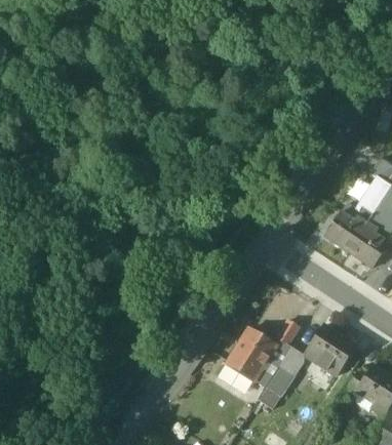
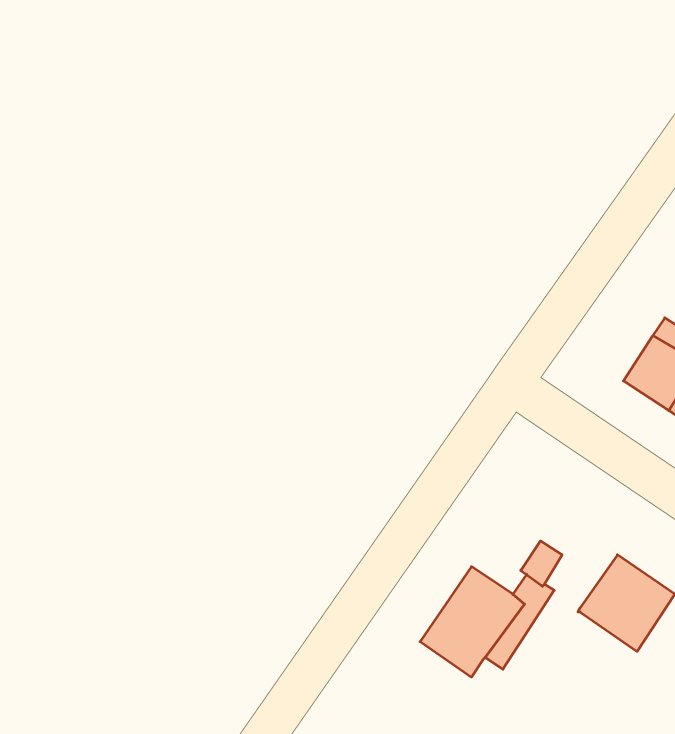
building: [265,346,303,398] -> none

